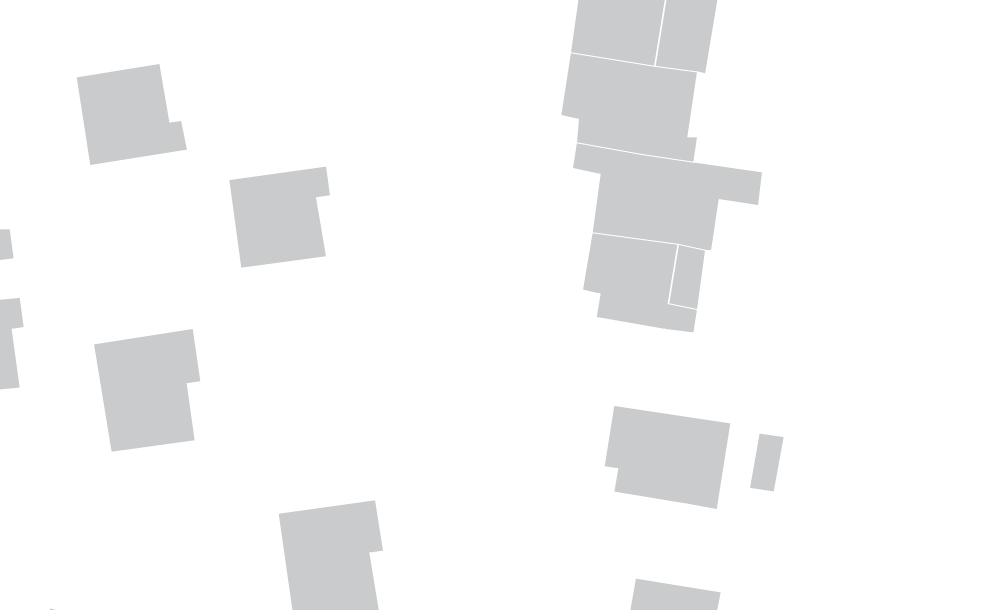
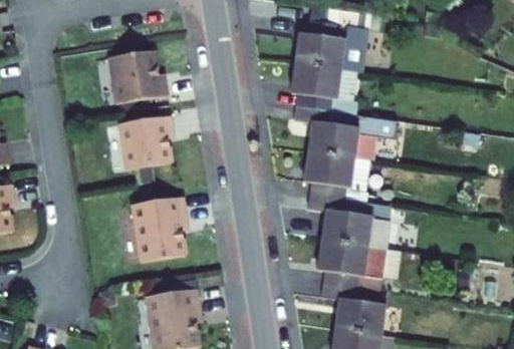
building: [76,63,188,165] -> [111,51,169,103]
building: none -> [307,193,386,247]
building: [93,329,201,452] -> [133,195,188,258]
building: none -> [316,282,379,333]

